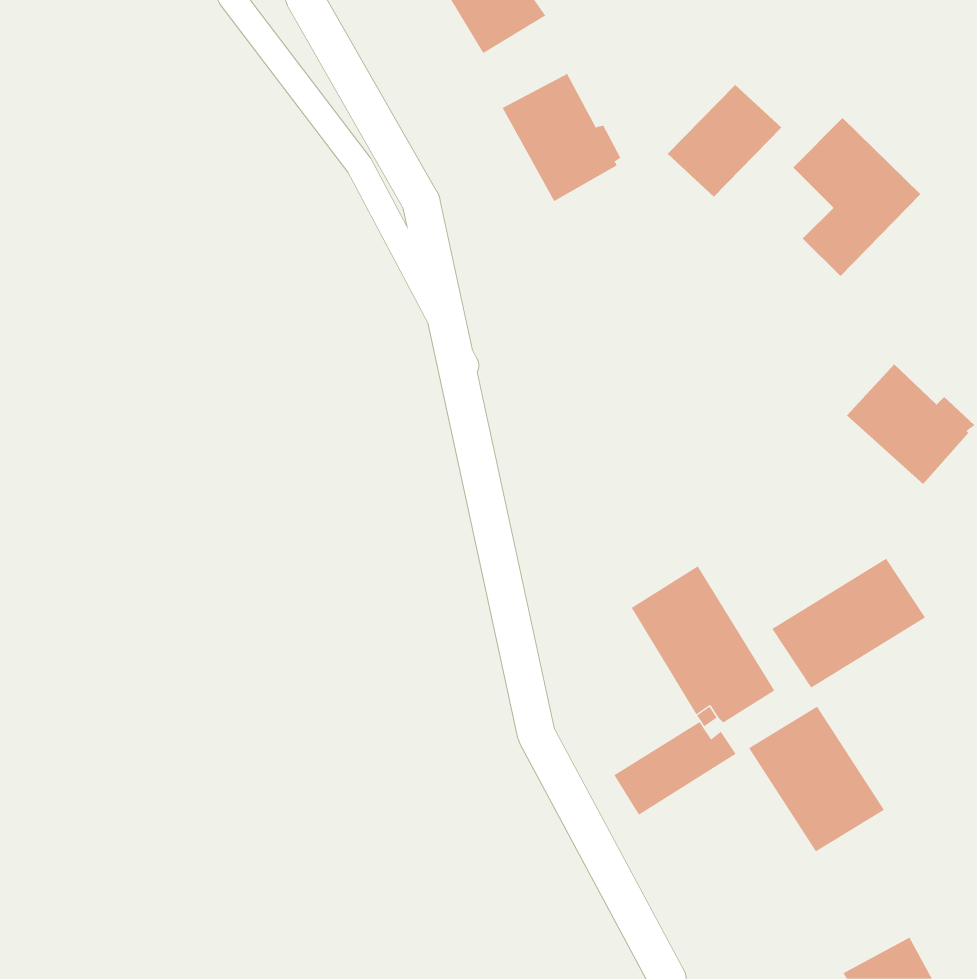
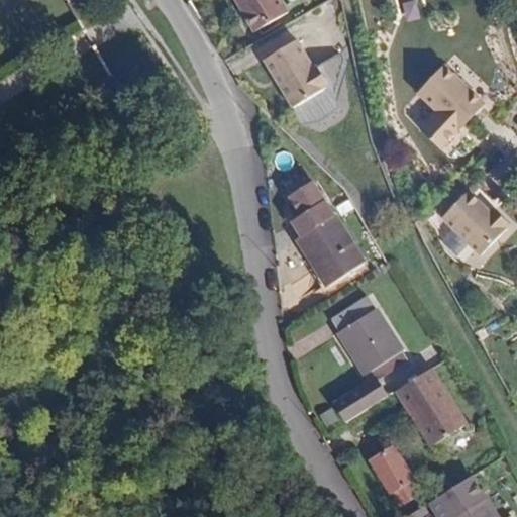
building: [667,84,782,197] -> none
building: none -> [286,183,359,284]
building: [772,558,926,688] -> none
building: none -> [370,445,414,502]

